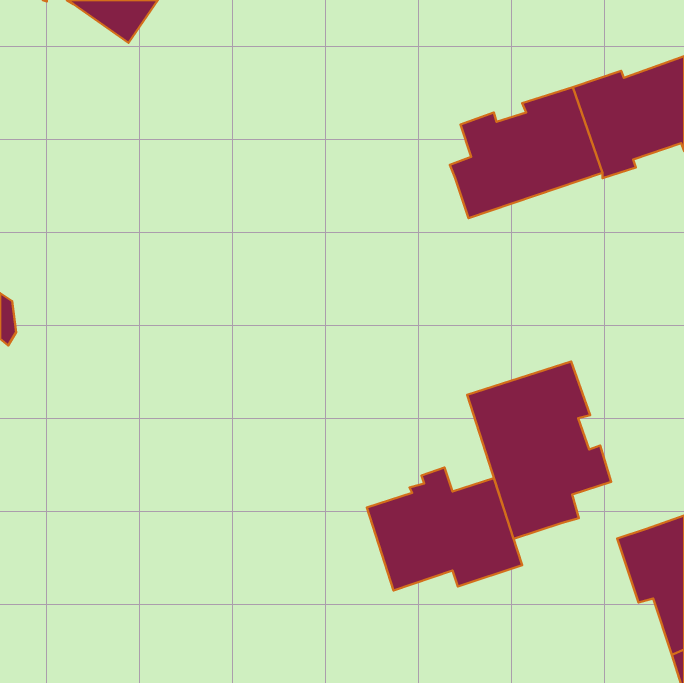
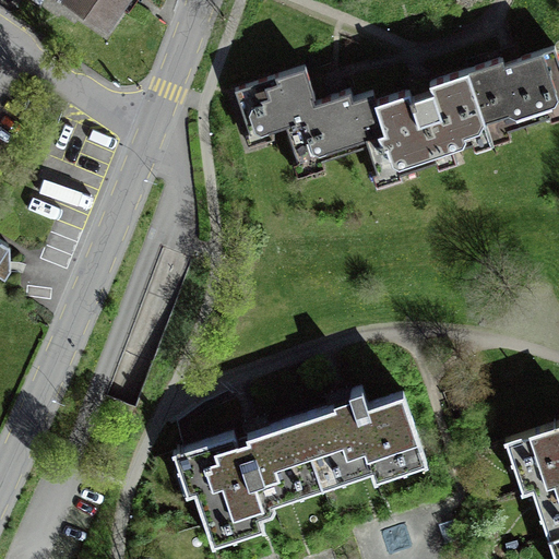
building: none -> [237,71,384,181]
building: [467,361,611,539] -> none
building: none -> [178,415,321,537]

